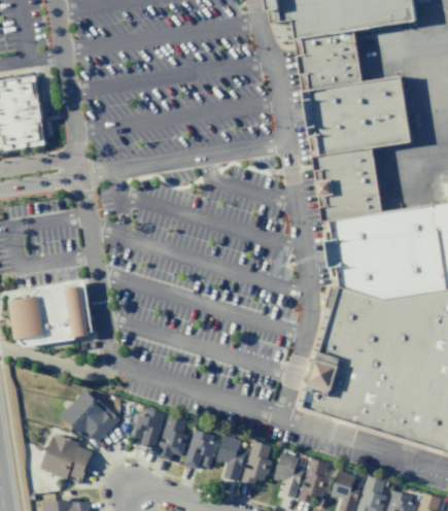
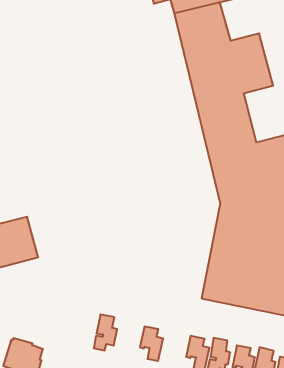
building: [61,389,119,442] -> none
building: [131,408,166,449] -> none
building: [183,429,216,469] -> none
building: [241,440,273,485] -> none

